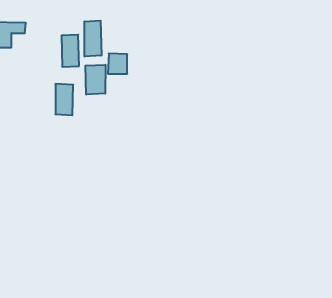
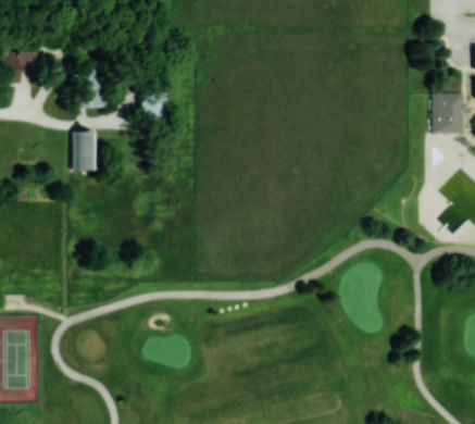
building: [84,21,101,57] -> none
building: [85,65,105,95] -> none

